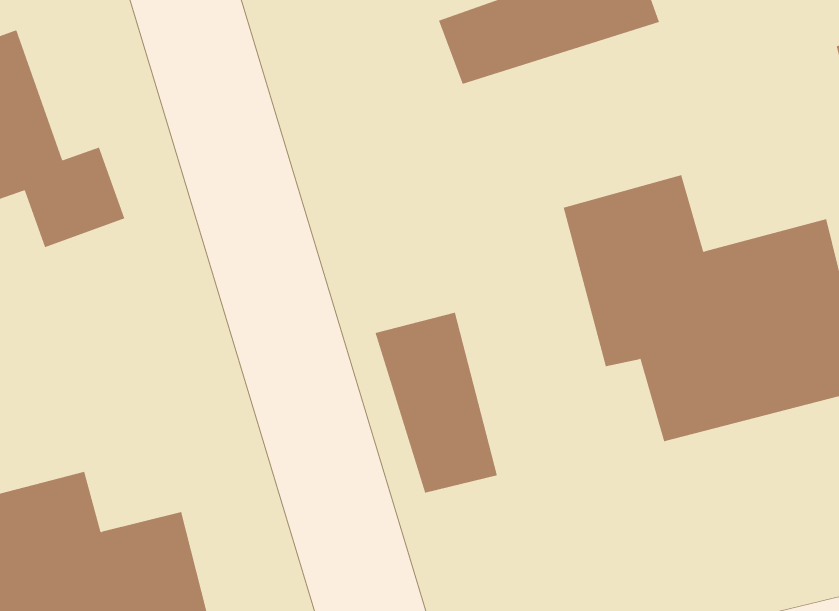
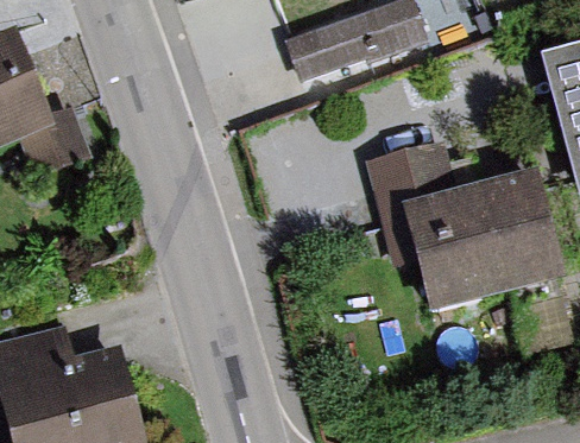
building: [375,312,497,494] -> none

